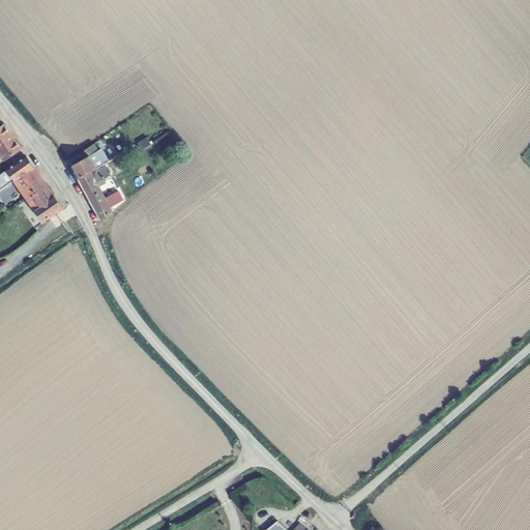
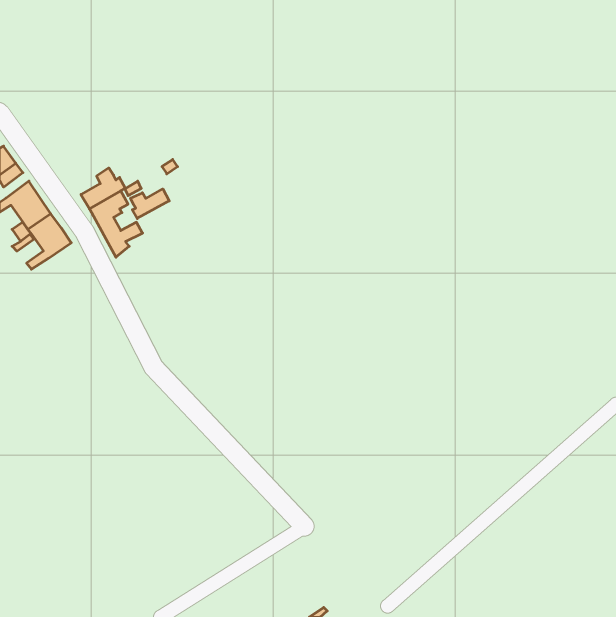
building: none -> [131,189,169,219]

